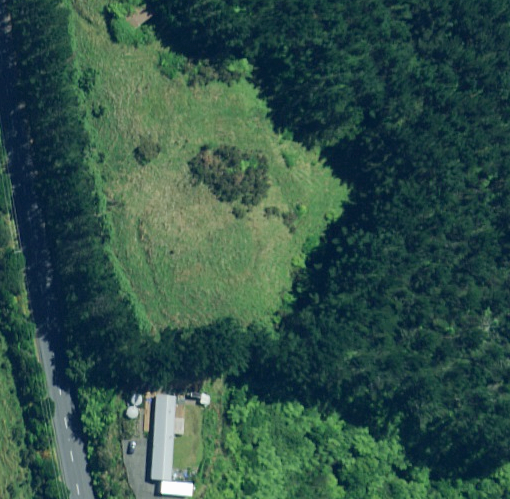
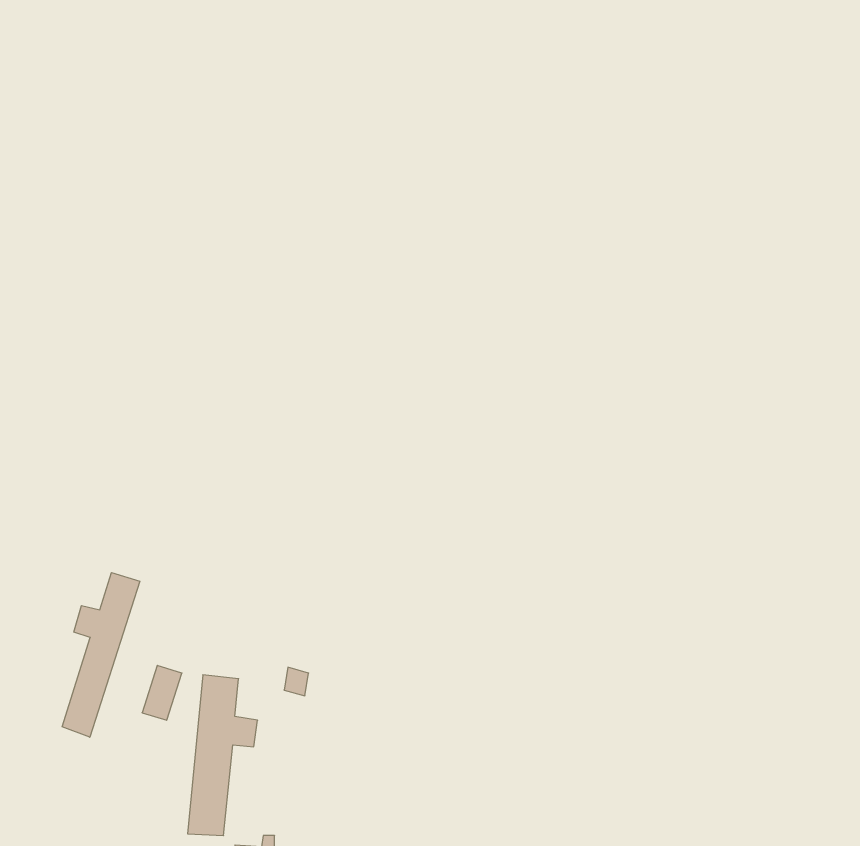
building: none -> [62,573,140,737]

